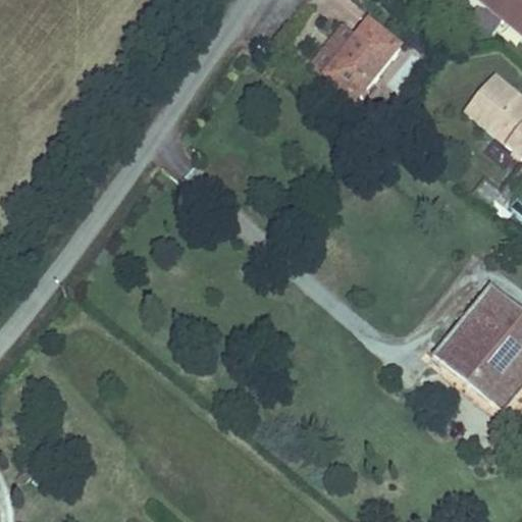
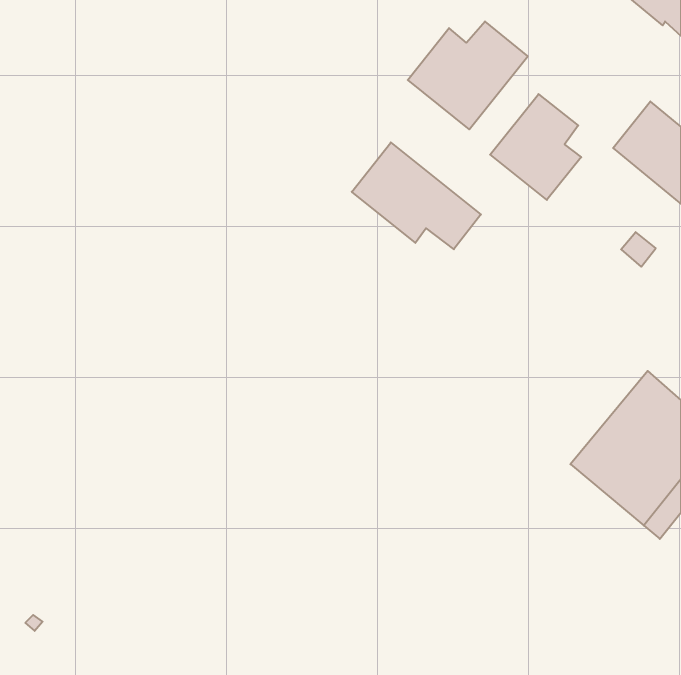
building: none -> [490,94,581,200]
building: none -> [352,142,481,249]

